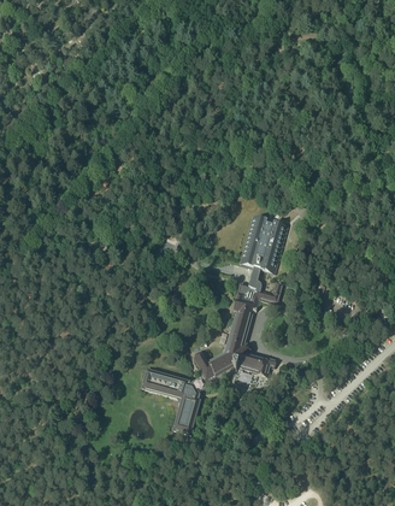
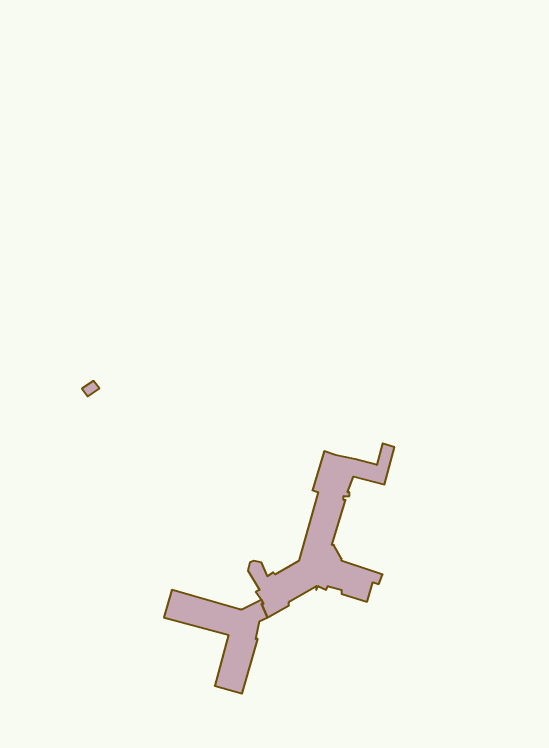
building: [240,218,285,288] -> none

